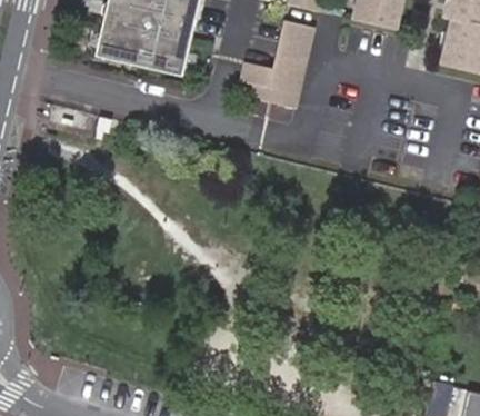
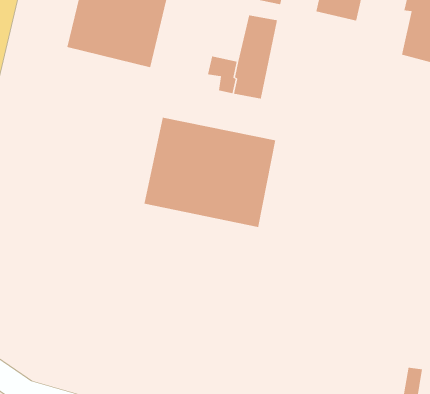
building: none -> [144,117,276,228]

